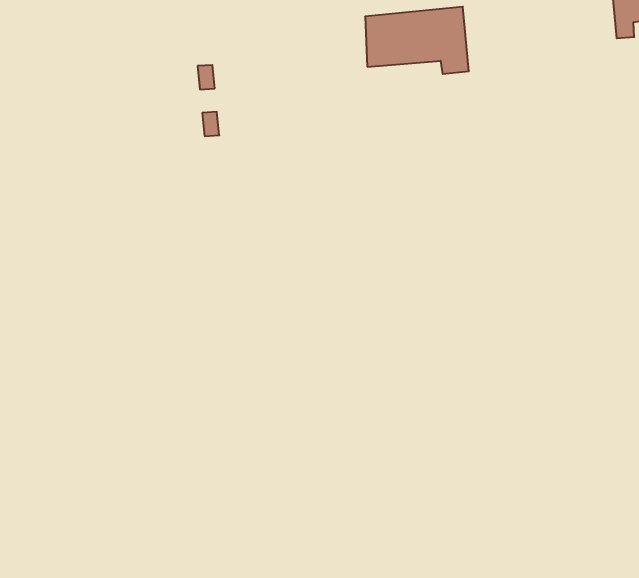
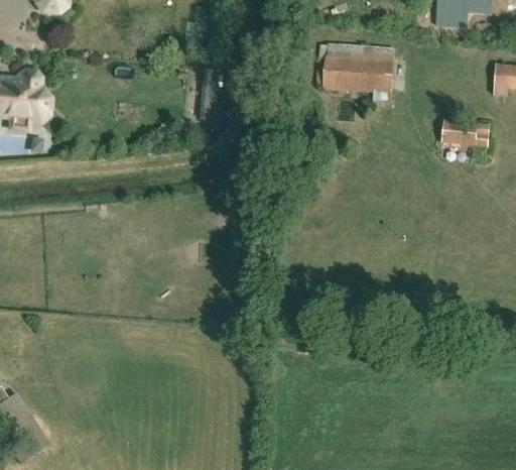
building: none -> [443,122,489,145]

